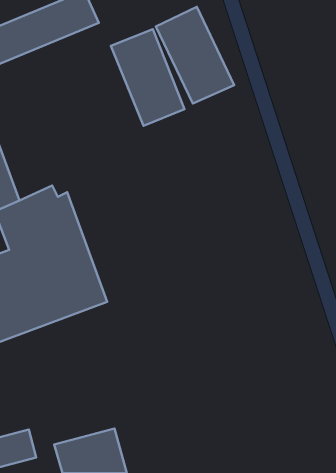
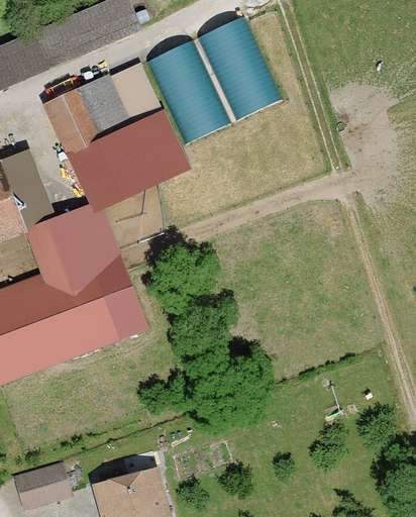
building: none -> [41,61,190,216]

